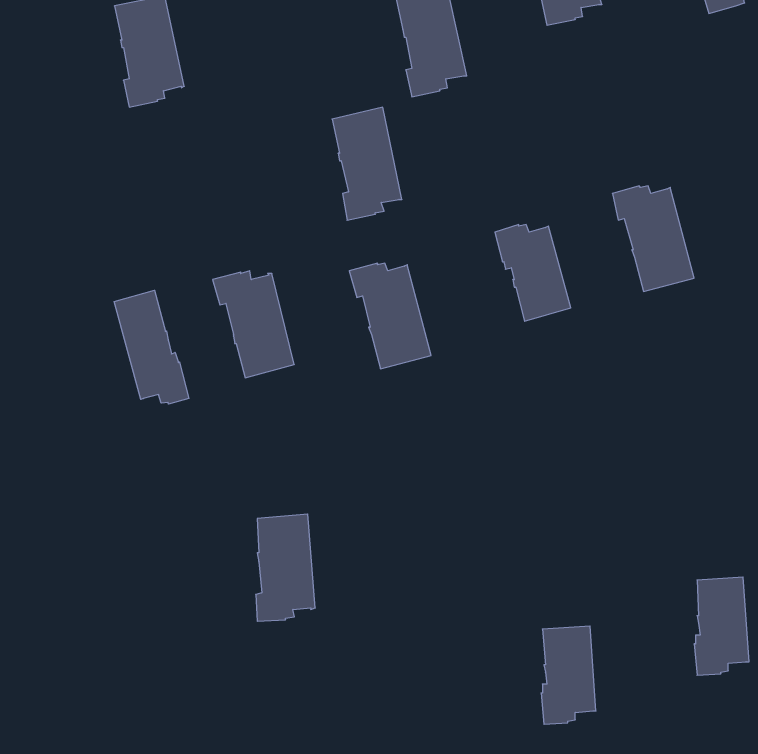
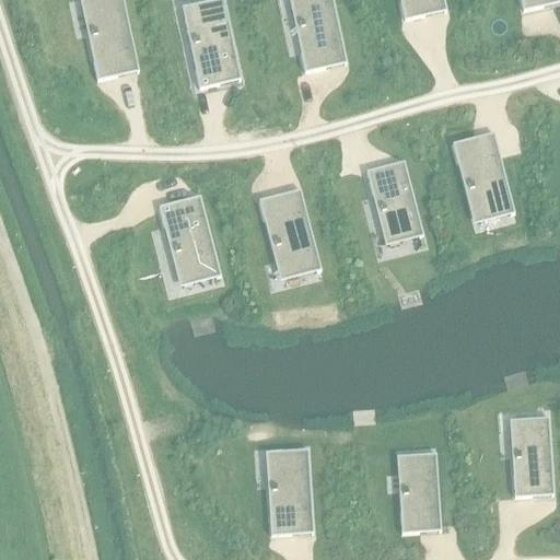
building: [332,107,402,220] -> [186,4,237,88]
building: [114,290,189,404] -> none
building: [256,514,315,621] -> [268,456,312,535]

